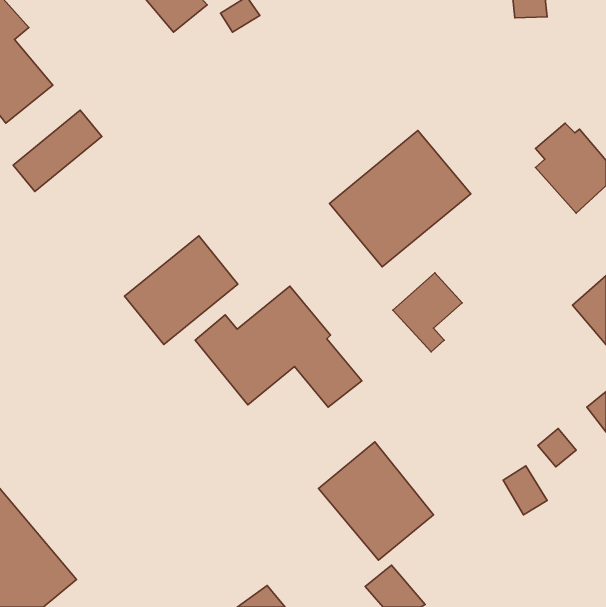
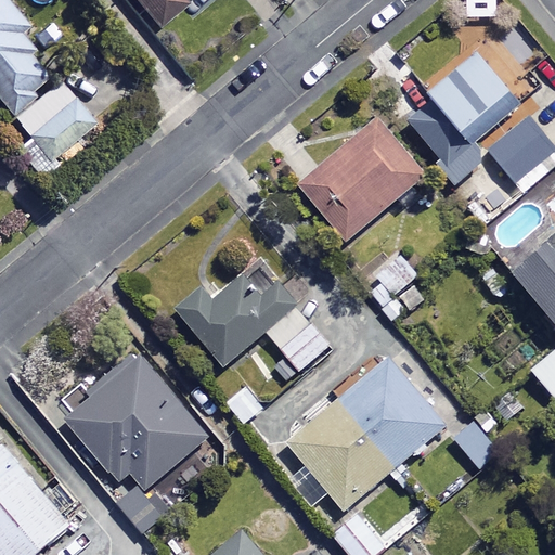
building: none -> [406,60,515,163]
building: [125,236,238,345] -> none
building: none -> [63,352,209,531]
building: none -> [339,359,443,466]

